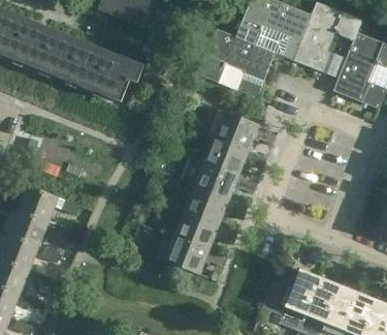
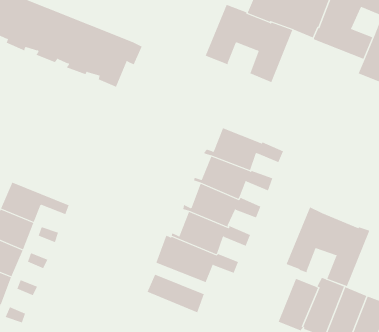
building: [207,109,278,151] -> none
building: none -> [286,207,370,287]
building: none -> [147,274,205,313]

